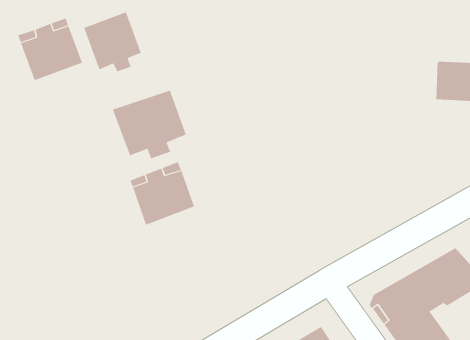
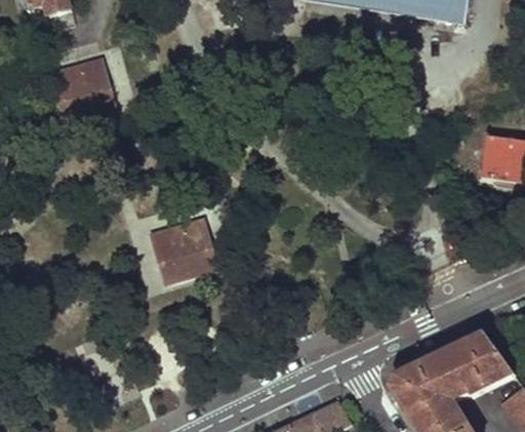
building: [83,12,141,72] -> none
building: [112,90,186,159] -> none

